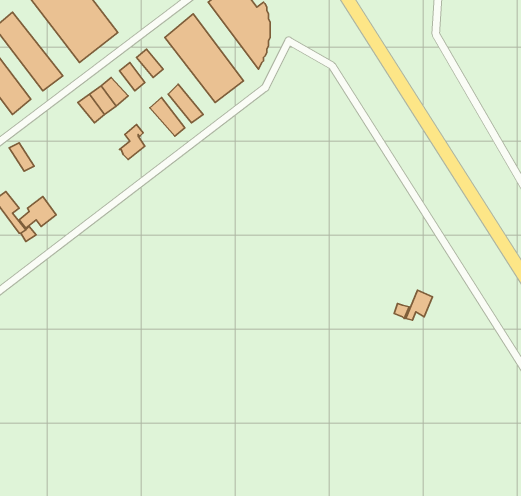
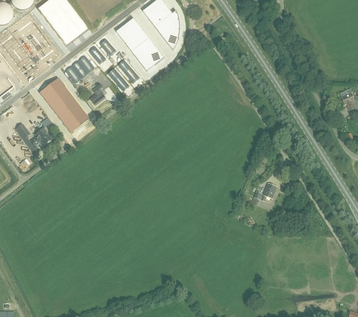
building: none -> [38,77,88,132]

